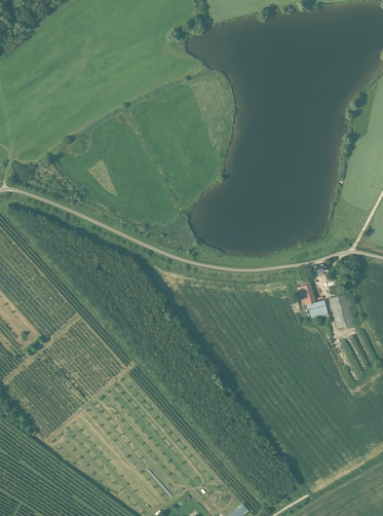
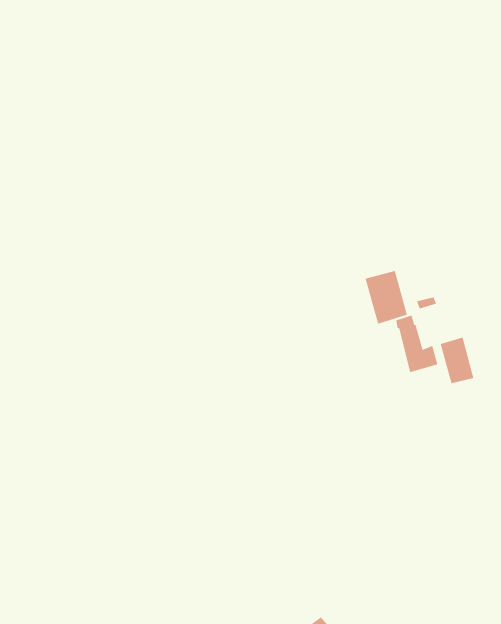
building: none -> [365,270,408,324]

